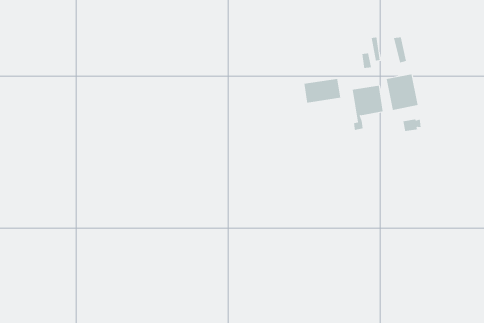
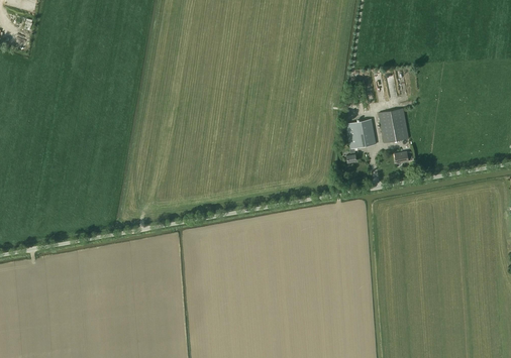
building: [304,78,341,103] -> none

